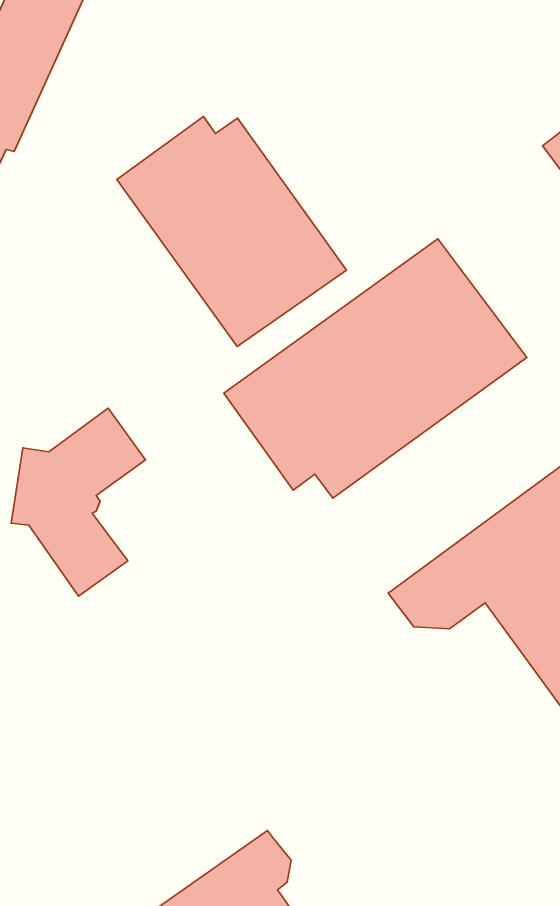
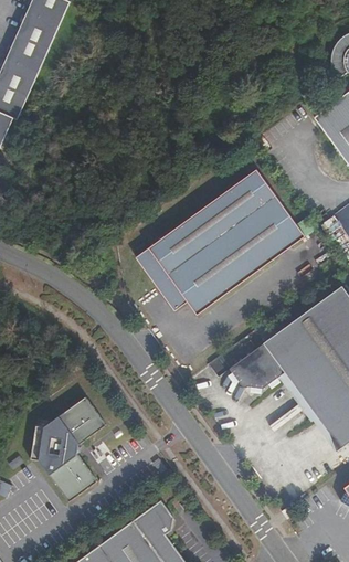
building: [117,116,347,346] -> none
building: [11,408,146,596] -> [31,395,106,500]

